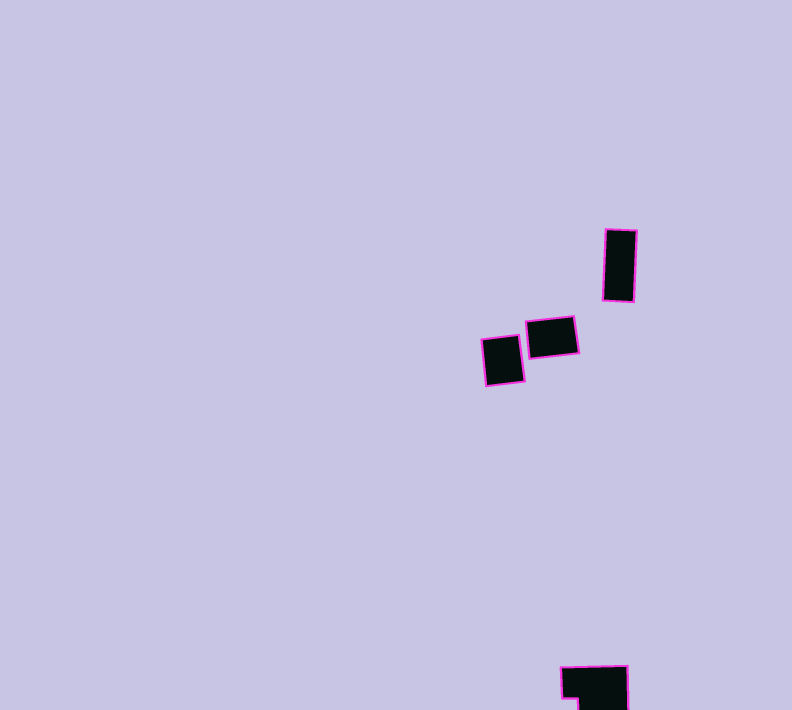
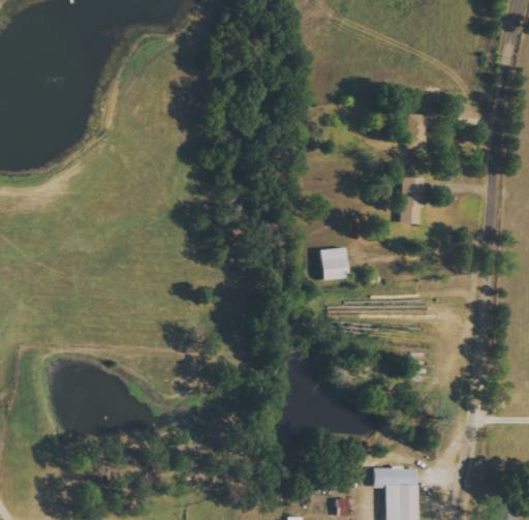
building: none -> [408,113,429,148]
building: [526,316,579,359] -> none

